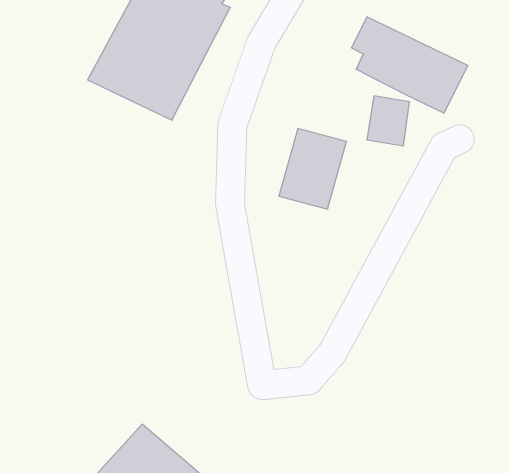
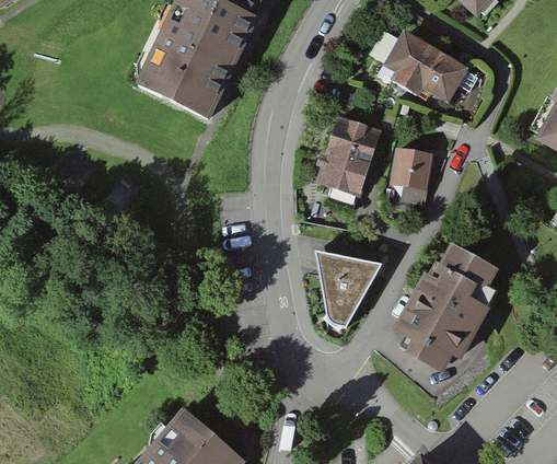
building: [367,96,410,146] -> [385,154,425,200]
building: none -> [395,241,508,372]
building: none -> [316,248,381,325]

